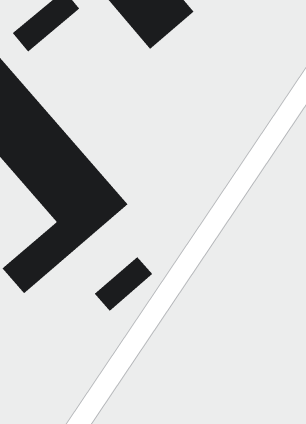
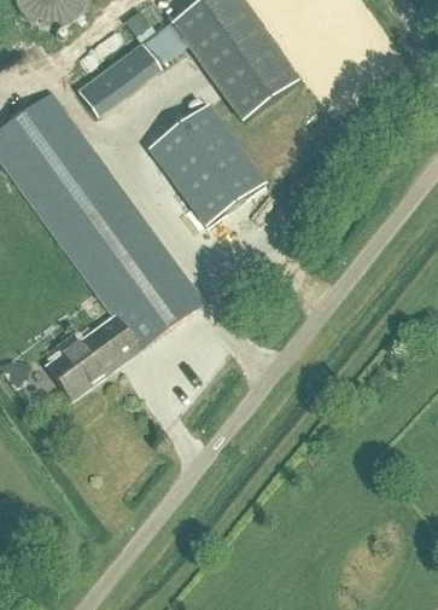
building: none -> [152,106,264,223]
building: [94,256,153,312] -> none

